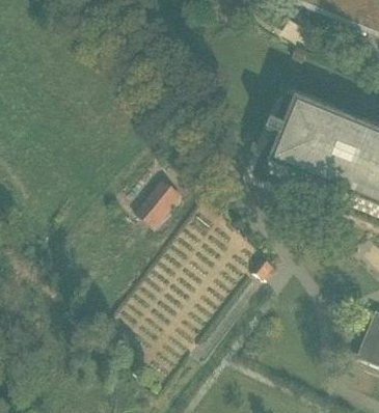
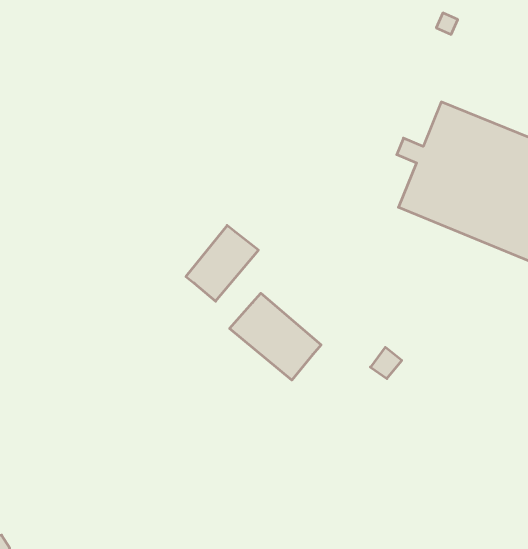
building: none -> [230,293,321,380]

